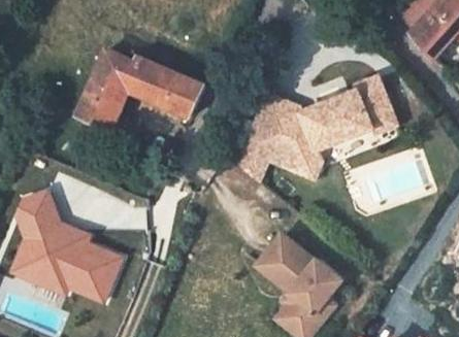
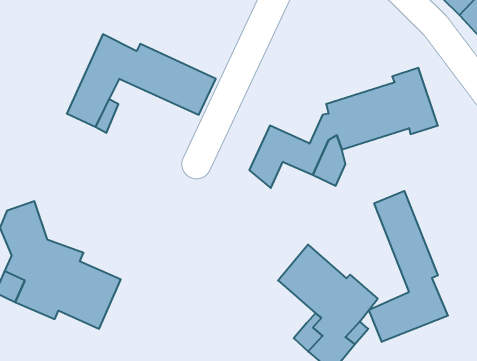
building: [250,94,300,143] -> none
building: none -> [369,191,448,342]

